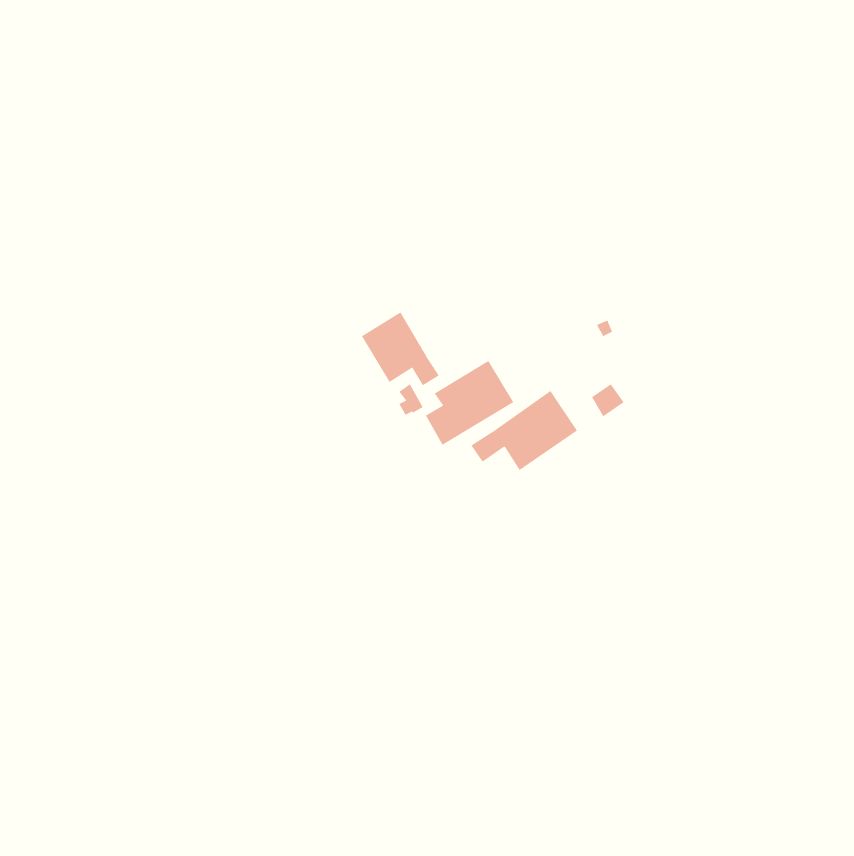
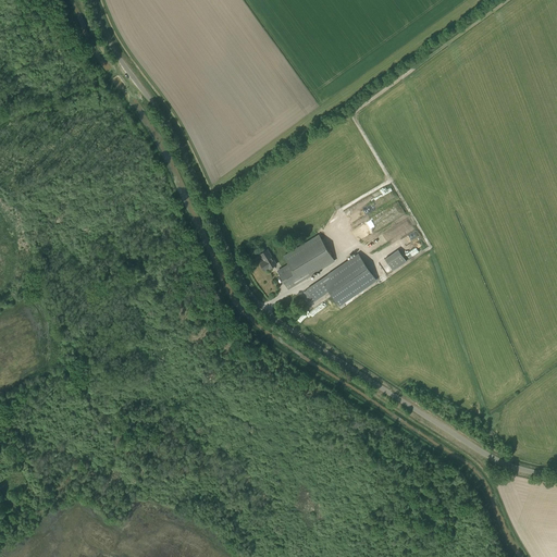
building: [361,311,440,386] -> none

